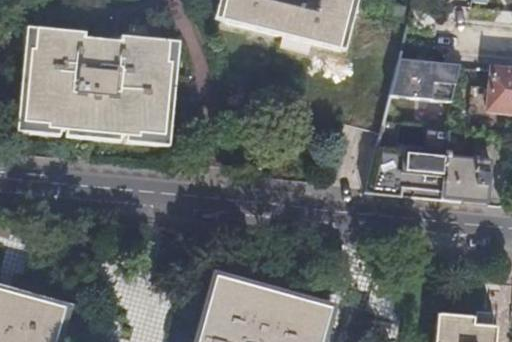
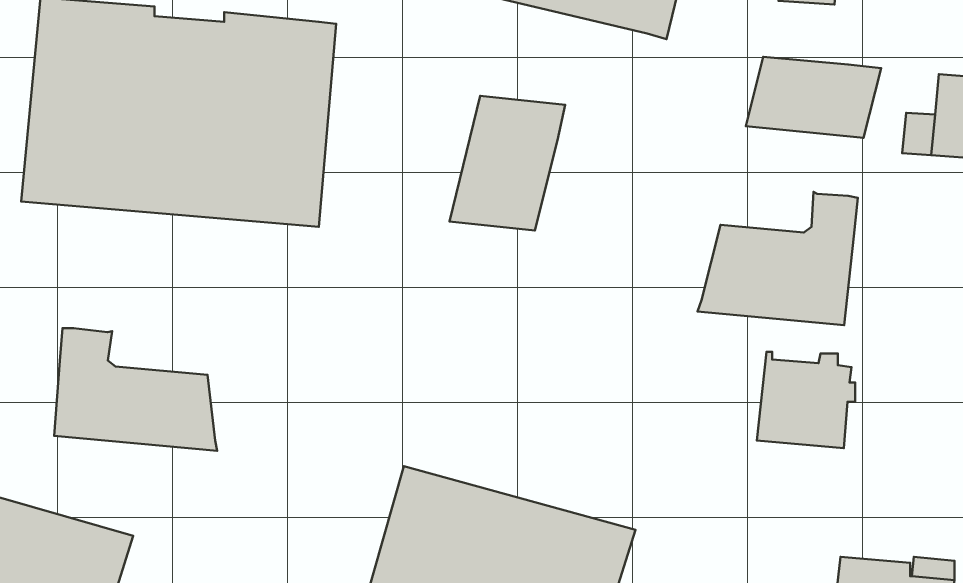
building: none -> [449,96,565,230]
building: [442,151,493,201] -> [757,352,855,448]
building: none -> [54,328,217,451]

